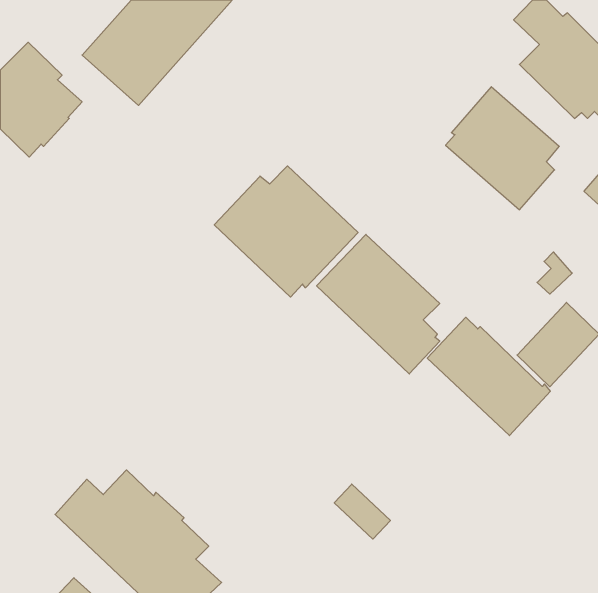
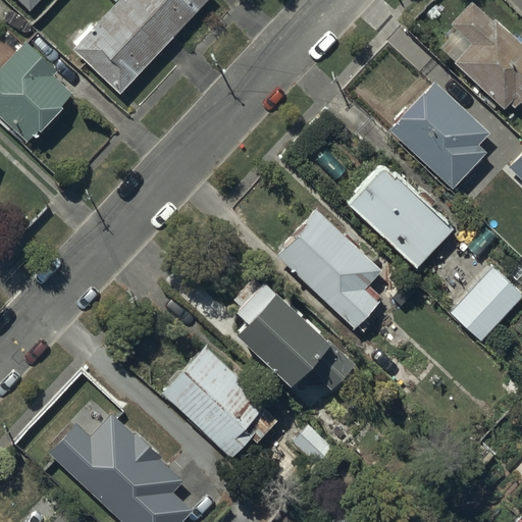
building: [214,166,358,297] -> none
building: none -> [233,275,349,398]
building: [427,317,550,436] -> [346,164,453,267]
building: none -> [160,344,274,456]

